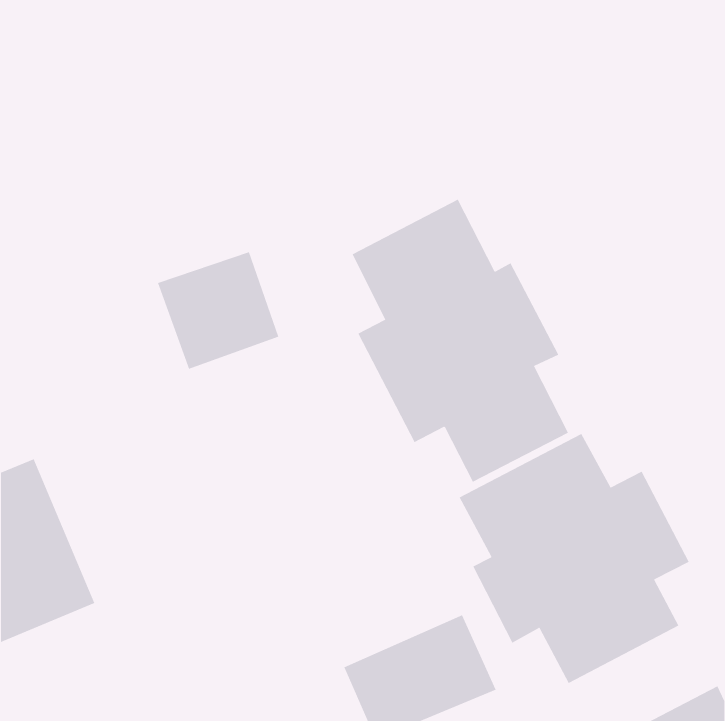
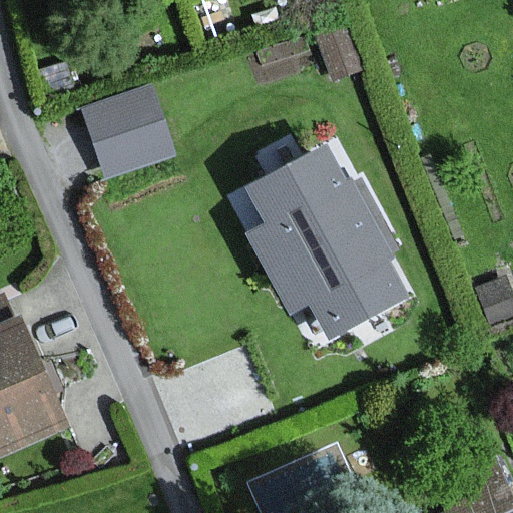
building: [157,252,279,369] -> [87,91,173,174]
building: [459,433,689,684] -> none

